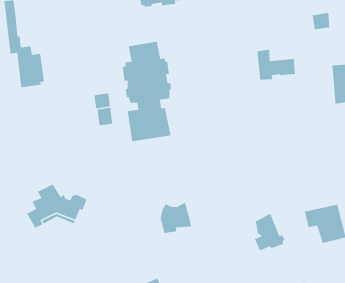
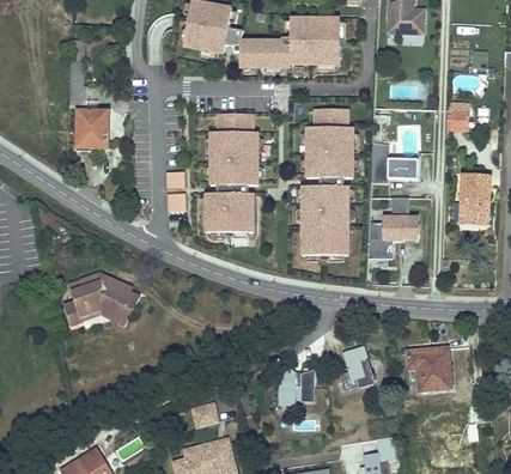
building: none -> [298,105,357,257]
building: none -> [370,198,416,256]
building: [160,201,192,234] -> [281,365,320,402]

